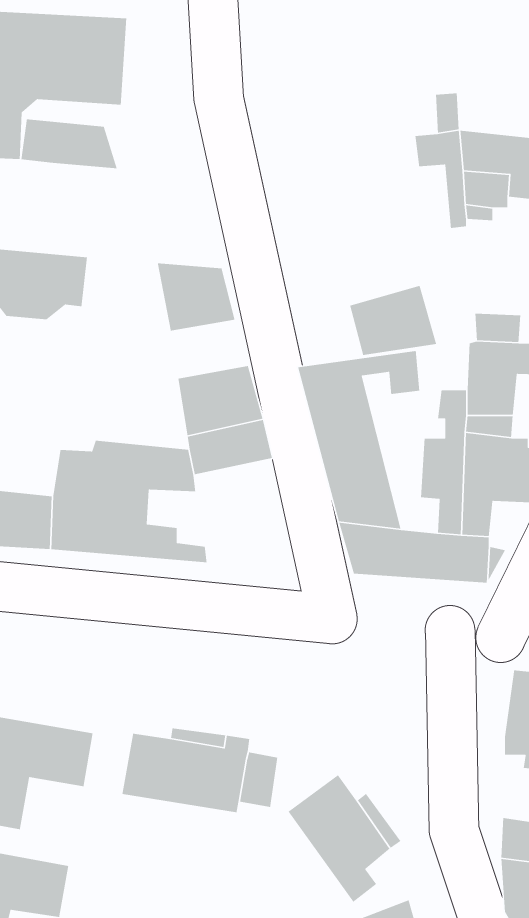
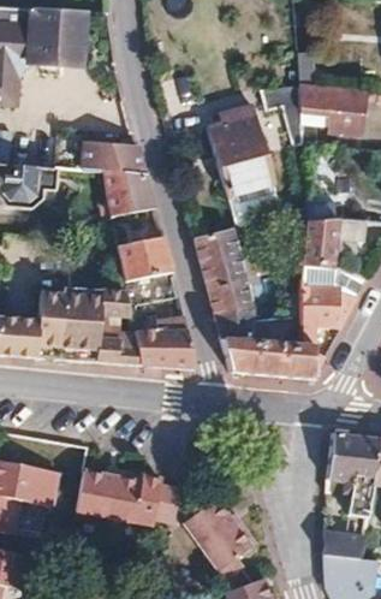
building: [21,119,118,169] -> [83,142,145,174]
building: none -> [207,105,274,198]
building: none -> [129,313,194,369]

